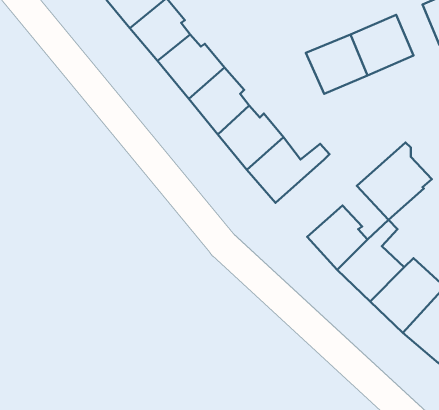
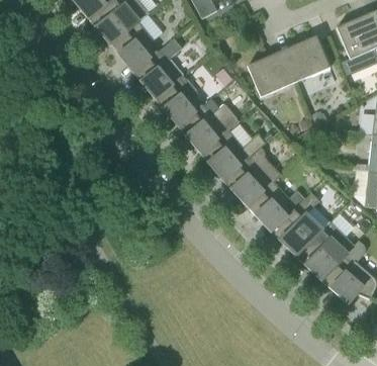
building: [357,142,432,220] -> [223,147,281,206]

